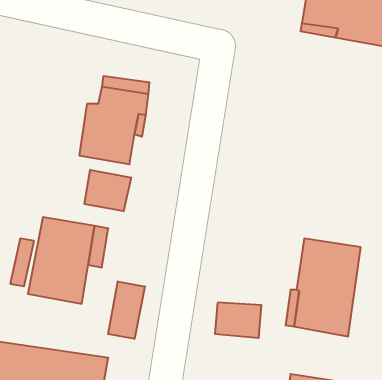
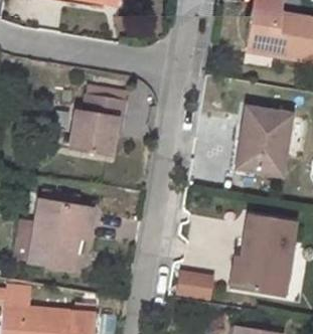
building: none -> [237,108,290,175]
building: [84,170,131,211] -> none
building: [108,281,145,339] -> none

